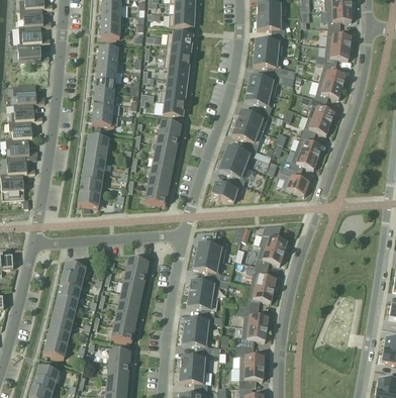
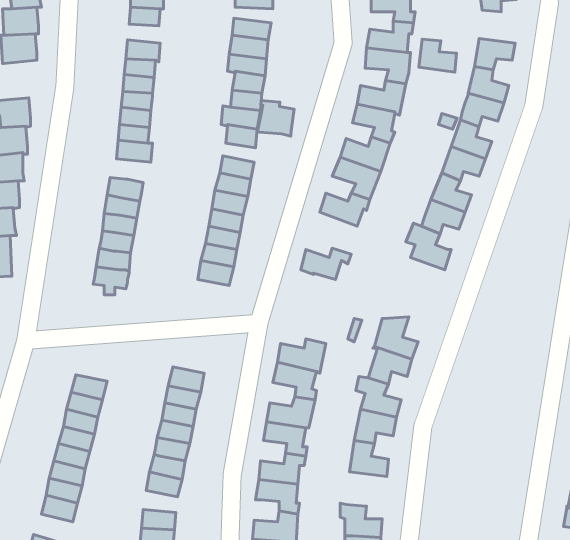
building: [326,27,351,48] -> [419,39,457,72]
building: none -> [258,101,294,136]
building: [218,158,247,185] -> none
building: [240,325,267,347] -> none

